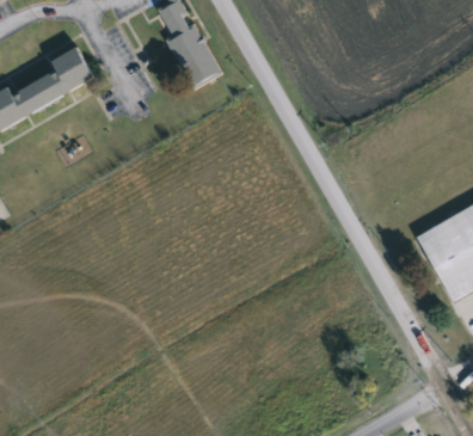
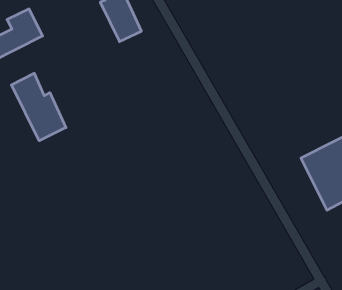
building: none -> [11,73,66,141]

